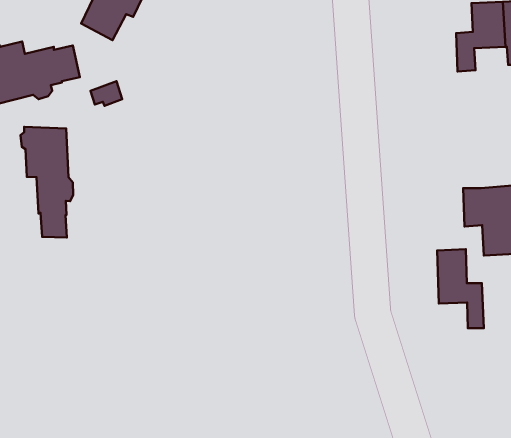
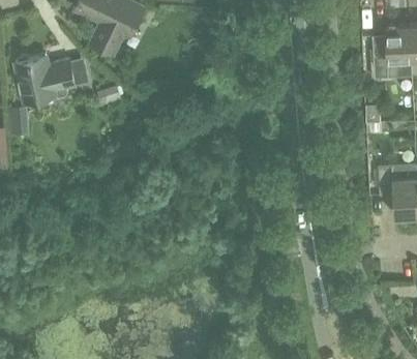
building: [20,127,73,237] -> none
building: [437,249,484,328] -> none

